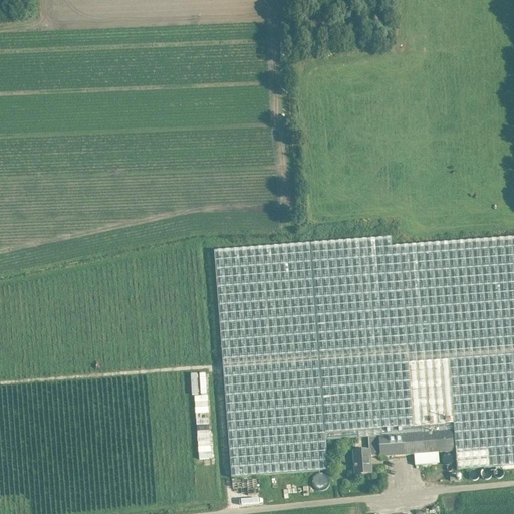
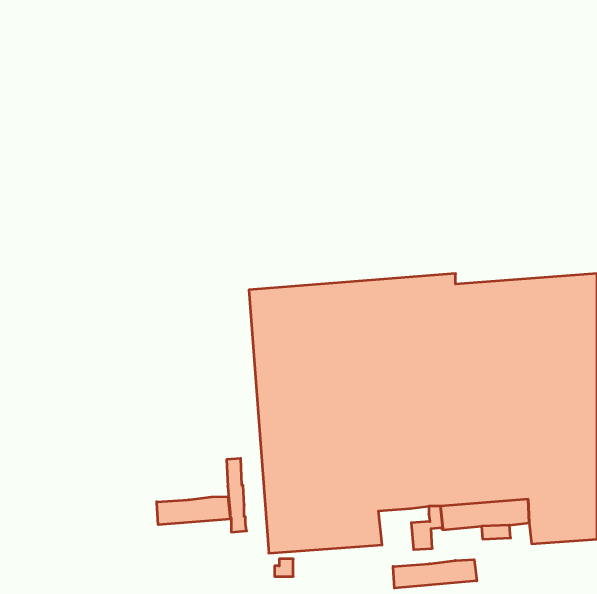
building: none -> [157,496,230,525]
building: none -> [393,560,477,588]

